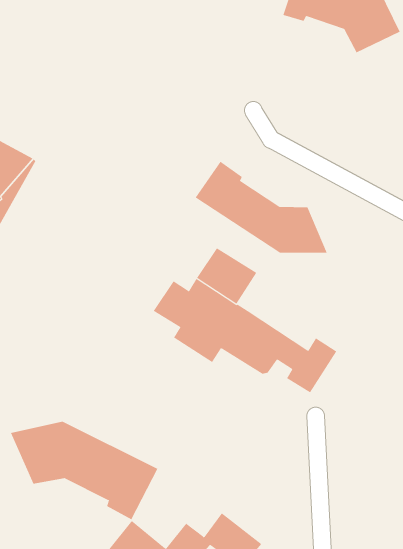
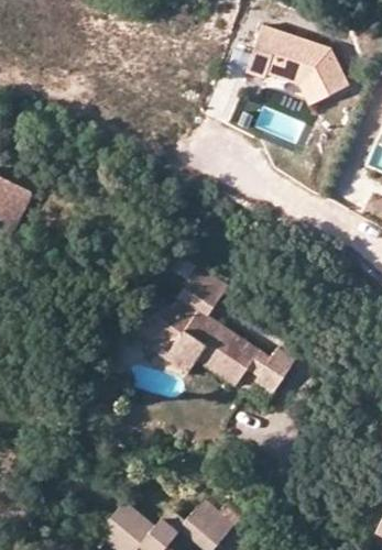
building: [195,161,327,254] -> none
building: [10,421,158,520] -> none

